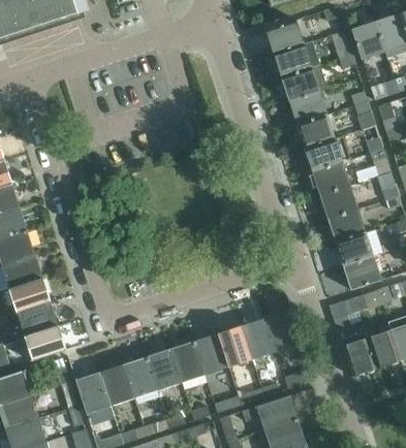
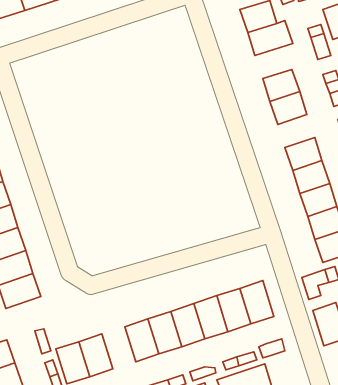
building: [280,64,326,100] -> none
building: [304,135,349,171] -> none
building: [23,325,66,361] -> none
building: [122,356,157,399] -> none

